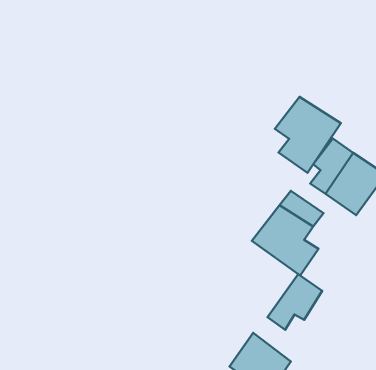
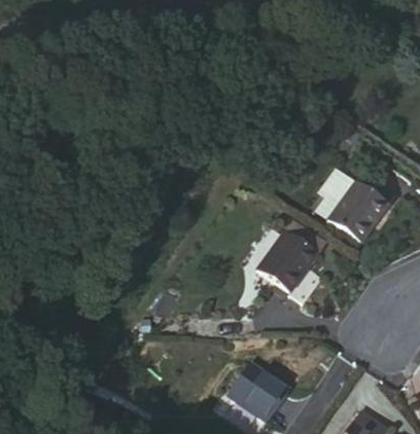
building: [275,97,341,173] -> none
building: [268,274,322,330] -> none

